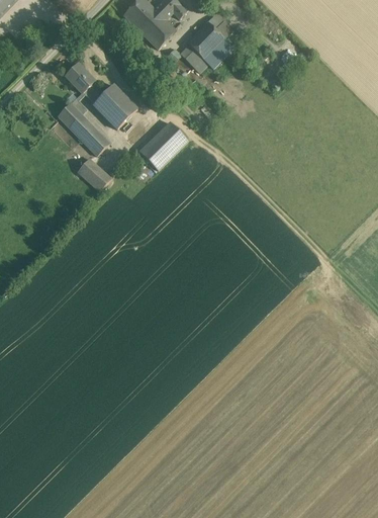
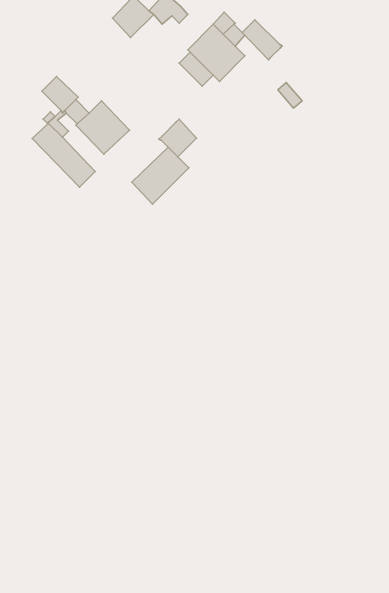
building: [138,12,176,50] -> none
building: none -> [242,20,282,60]
building: none -> [159,119,197,157]
building: [77,158,110,191] -> none

